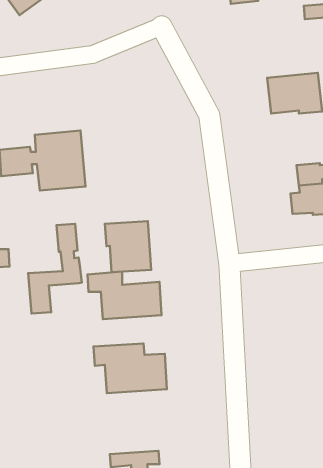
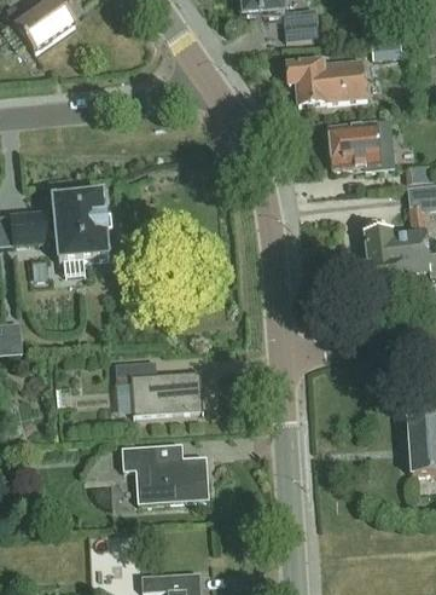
building: none -> [287,59,365,104]
building: [105,221,151,272] -> none
building: [28,224,82,314] -> none

